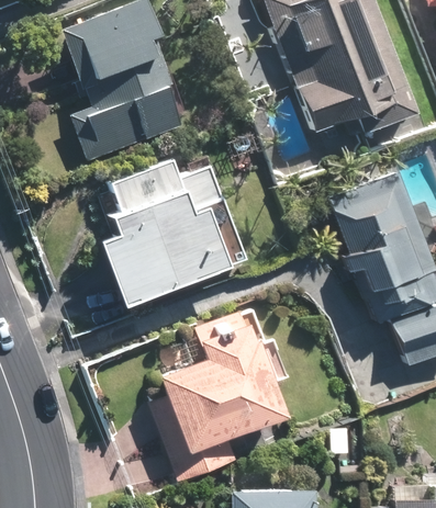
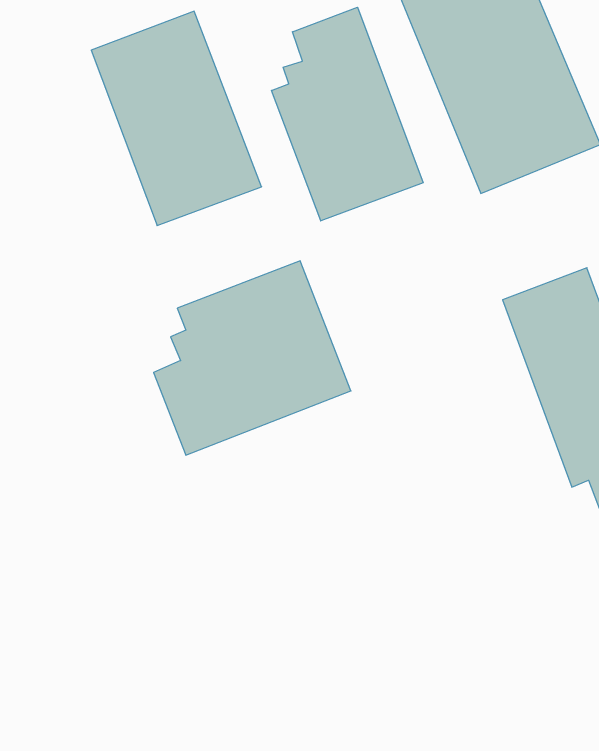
building: none -> [272,7,423,221]
building: [150,319,277,475] -> none

